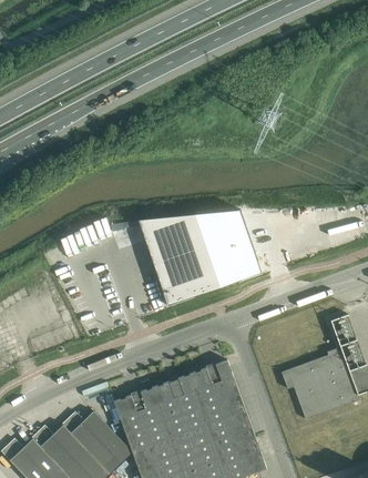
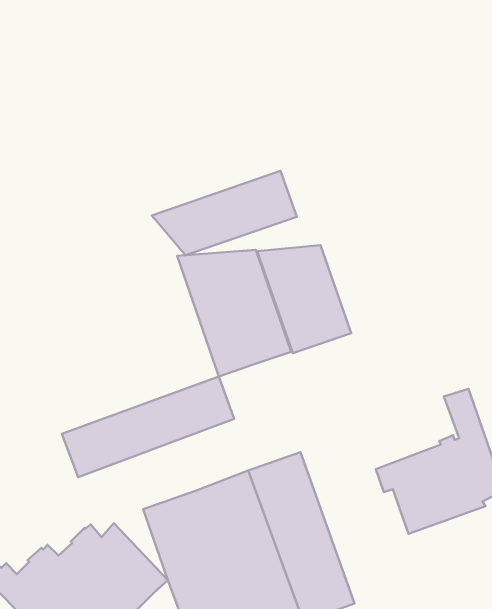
building: none -> [152,171,297,255]
building: none -> [62,376,234,477]

